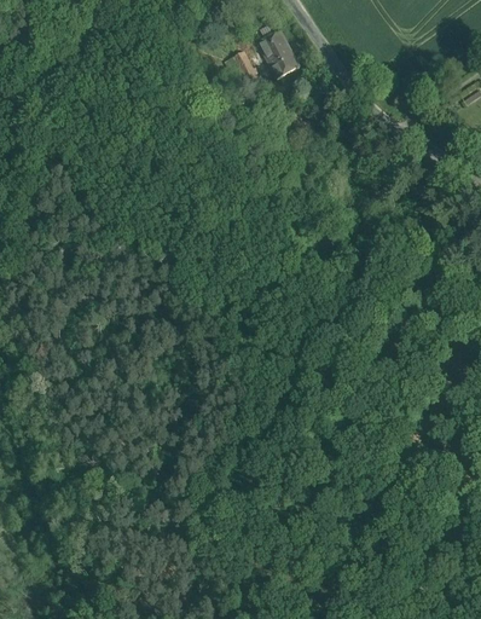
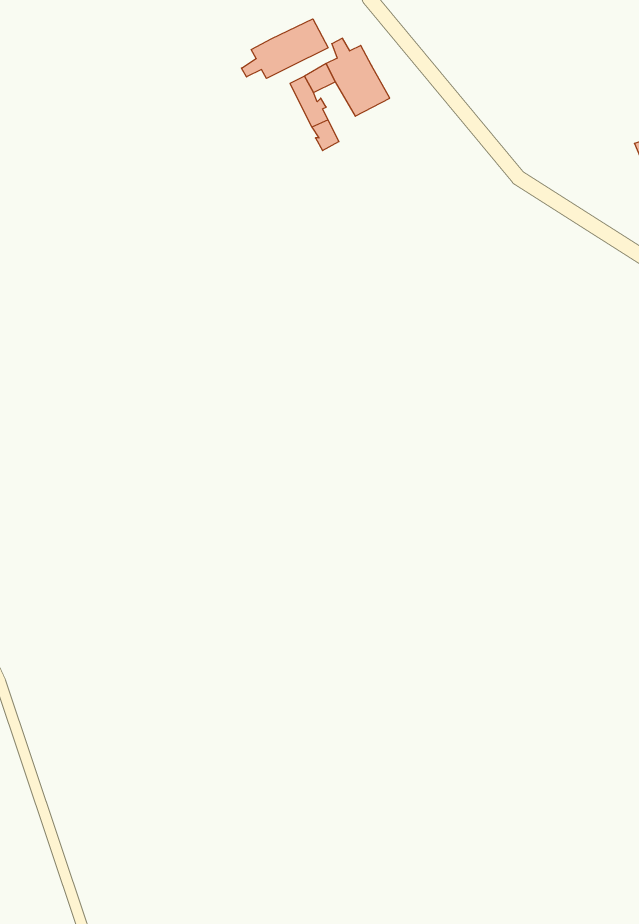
building: none -> [241,19,328,78]

